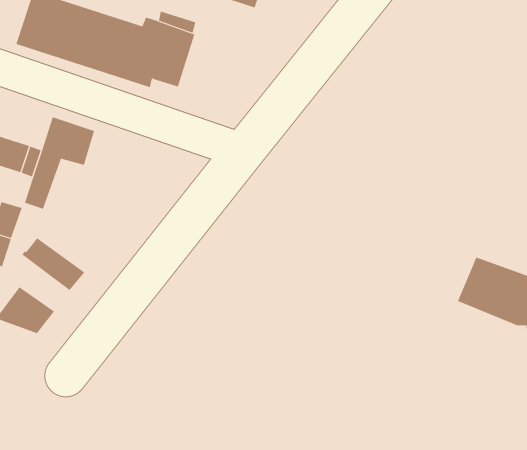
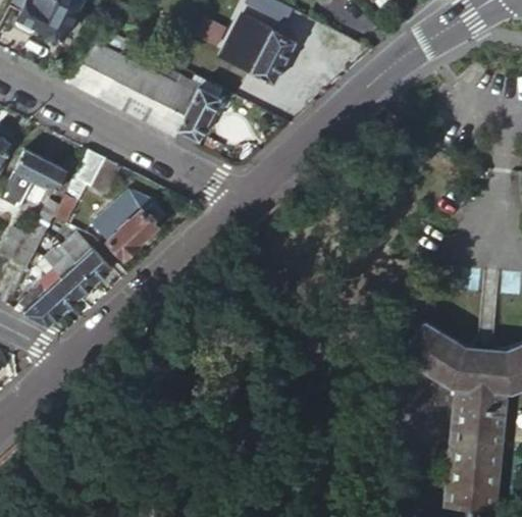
building: none -> [96,193,169,256]
building: none -> [60,235,111,282]
building: none -> [37,259,81,311]

